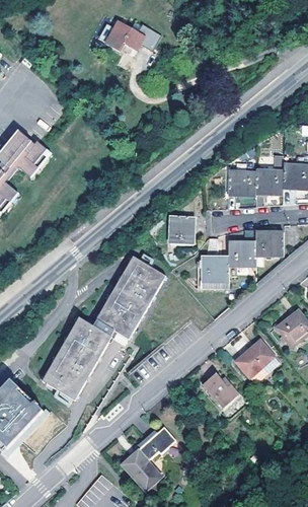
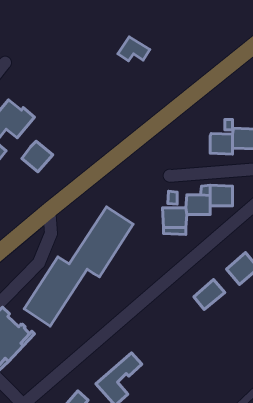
building: [106,22,144,51] -> [118,37,150,61]
building: [227,172,255,197] -> none
building: none -> [22,141,53,172]
building: [168,216,194,244] -> none
building: [204,375,238,408] -> none

